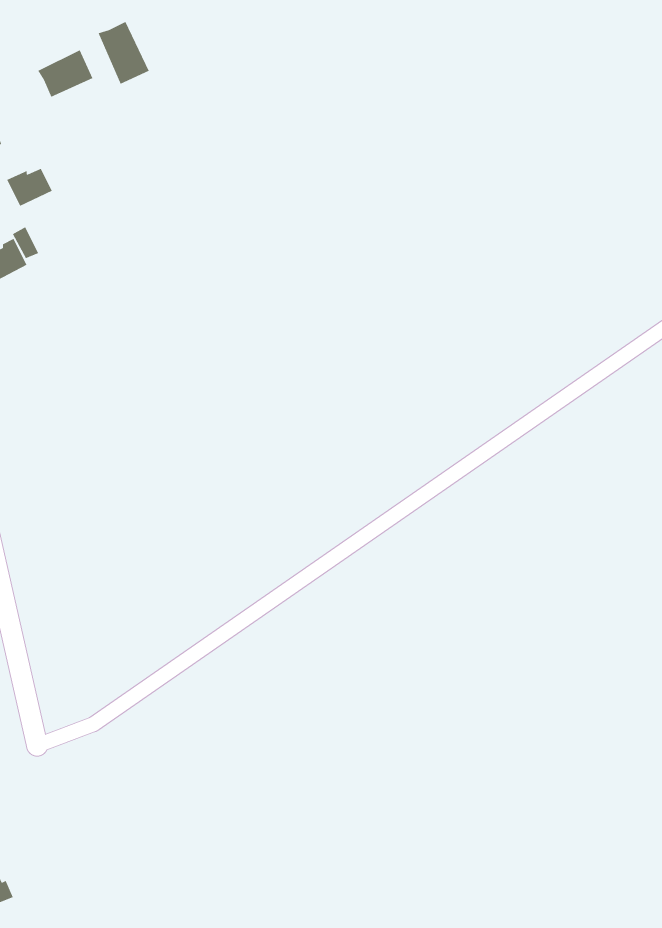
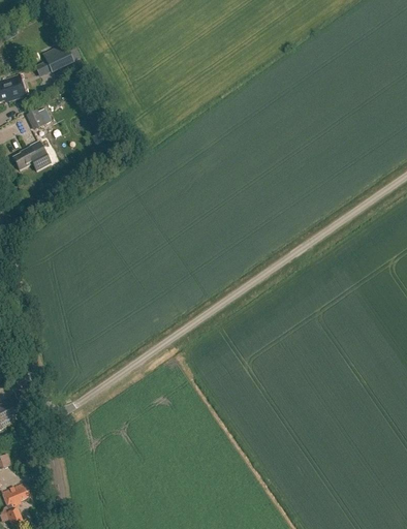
building: [97,21,150,85] -> none

